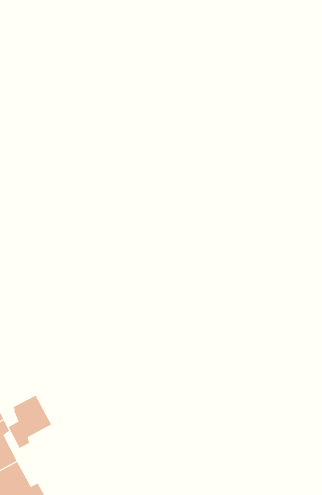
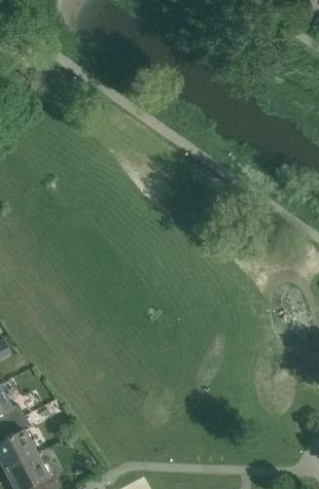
building: [8,395,52,449] -> none

